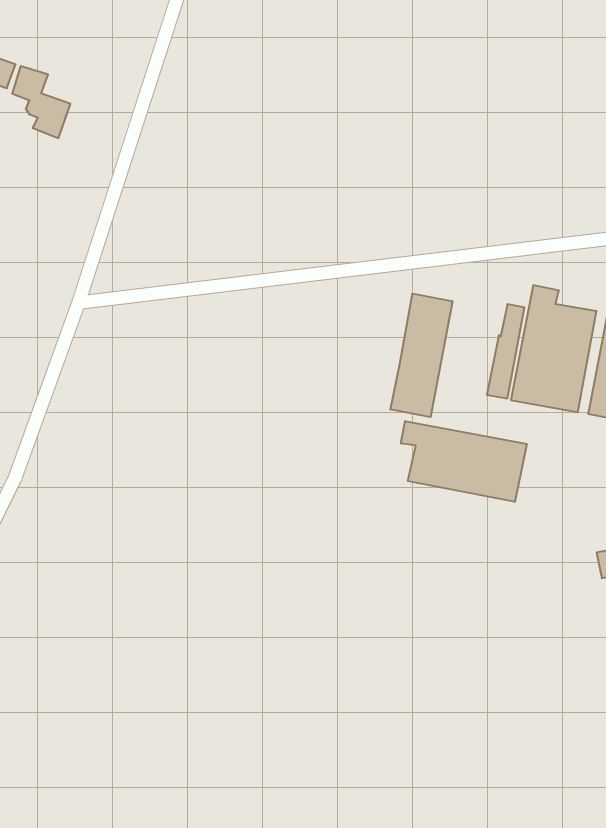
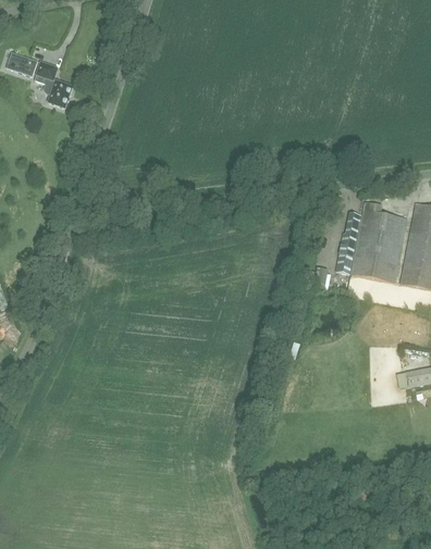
building: [391,294,452,417] -> none
building: [401,421,527,502] -> none

